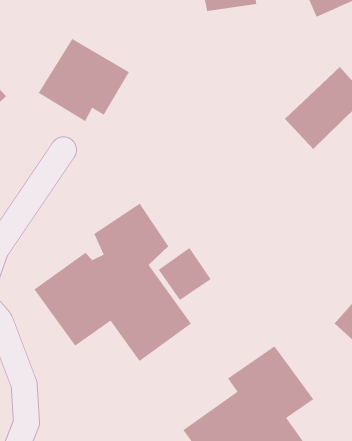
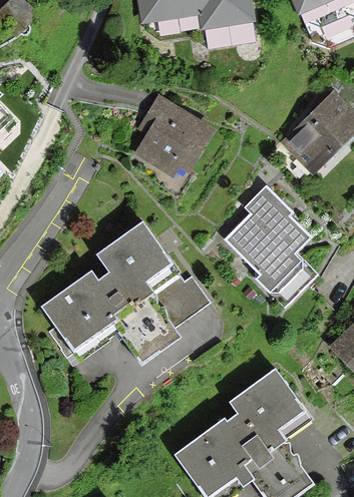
building: [38,38,130,122] -> [125,97,215,178]
building: none -> [222,183,317,305]

